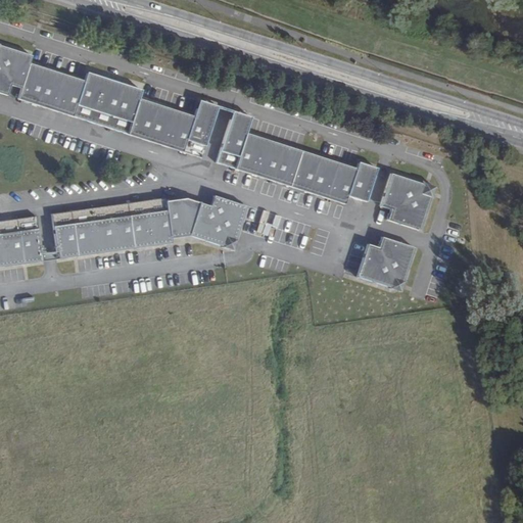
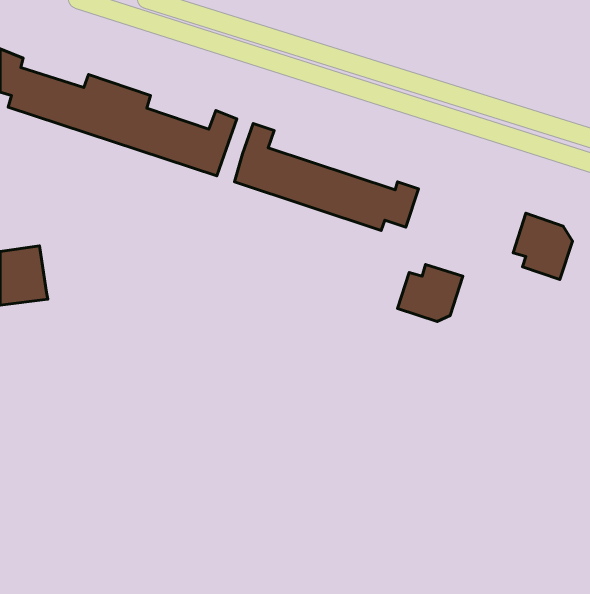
building: [203,104,227,135] -> none
building: [375,170,427,228] -> [513,213,573,280]
building: [55,197,253,259] -> none

